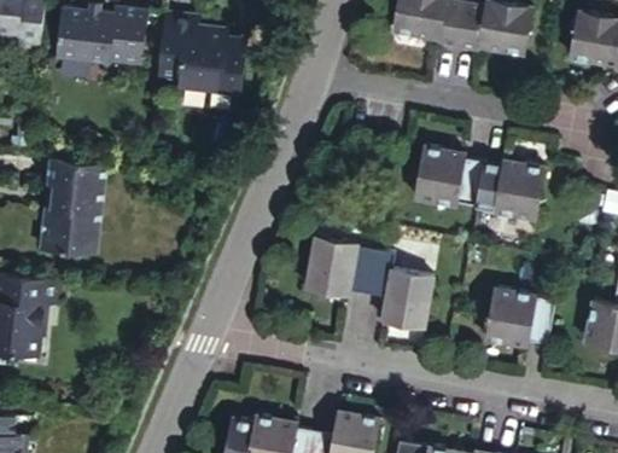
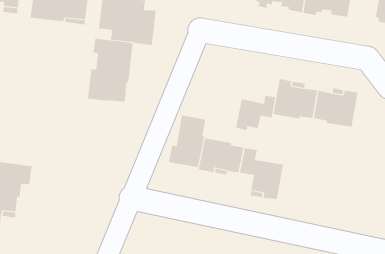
building: [37,156,106,251] -> [87,38,134,102]
building: none -> [236,95,276,131]
building: none -> [168,115,206,168]
building: [483,286,554,344] -> none

